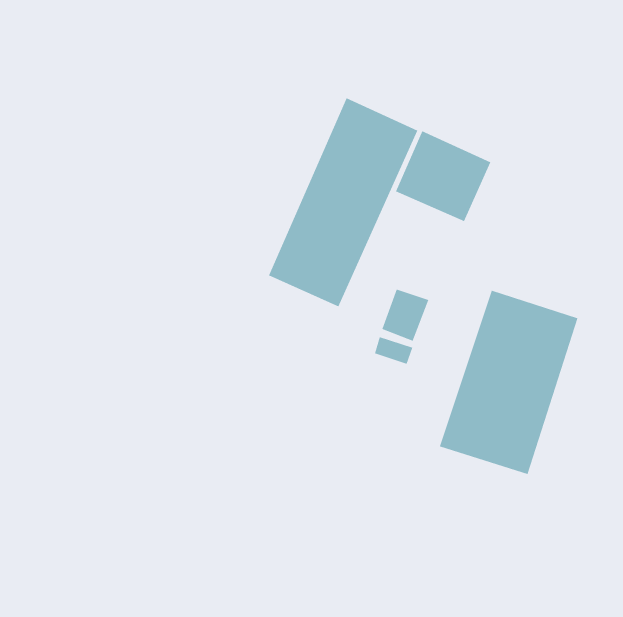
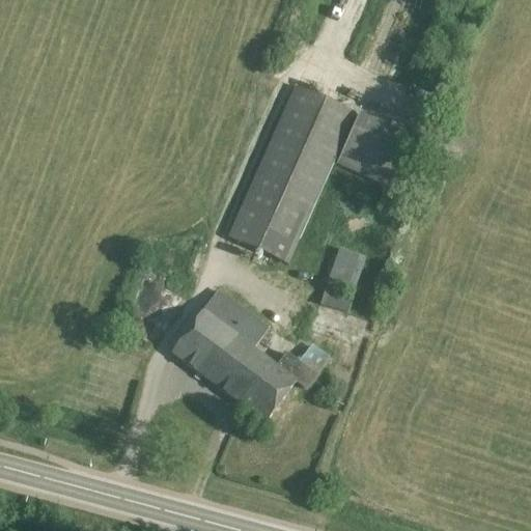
building: [439,290,578,475] -> none
building: none -> [172,287,330,420]

